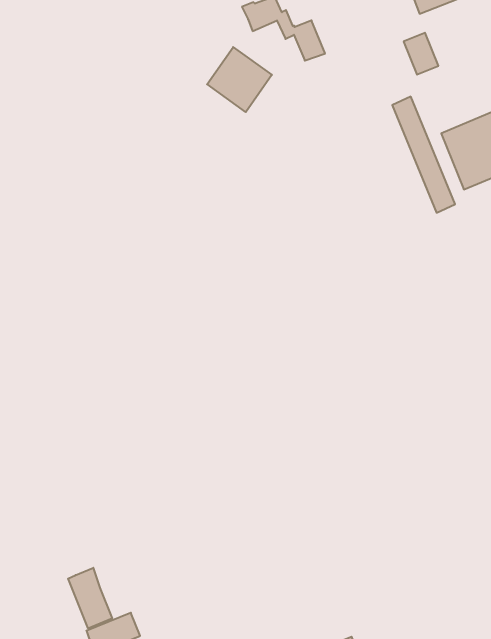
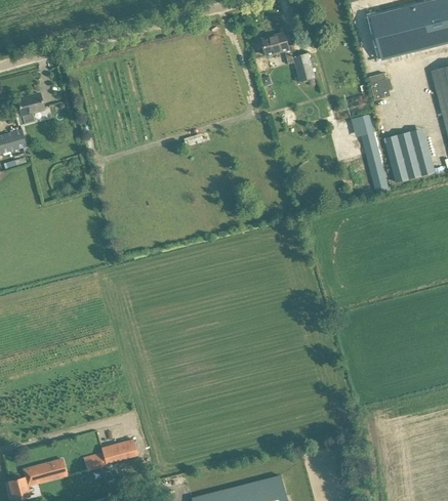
building: [207,47,272,112] -> none
building: [68,568,112,628] -> none

